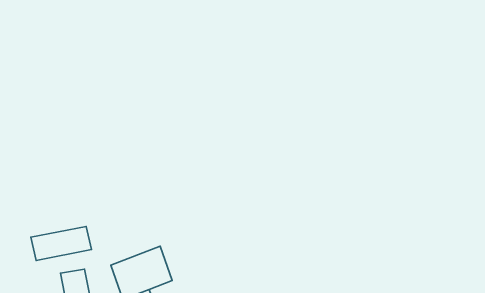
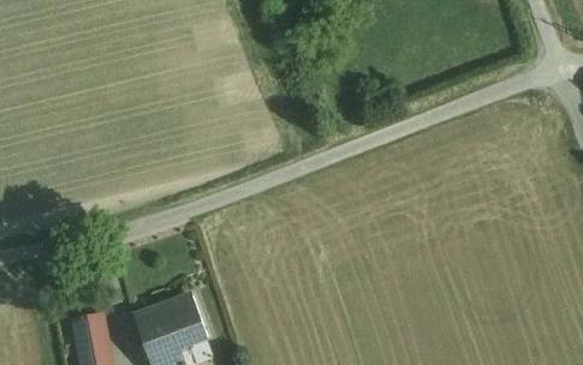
building: [31,226,92,261] -> none

